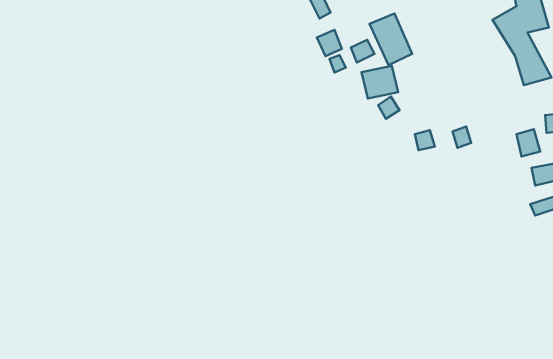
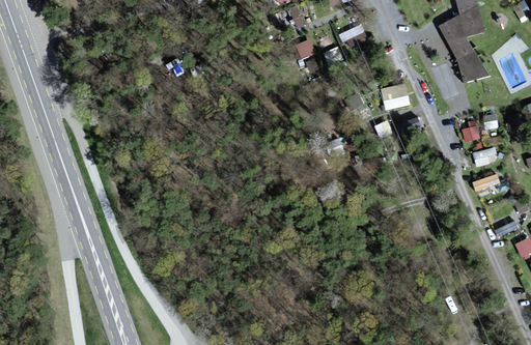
building: [362,66,398,98] -> [380,83,410,110]

